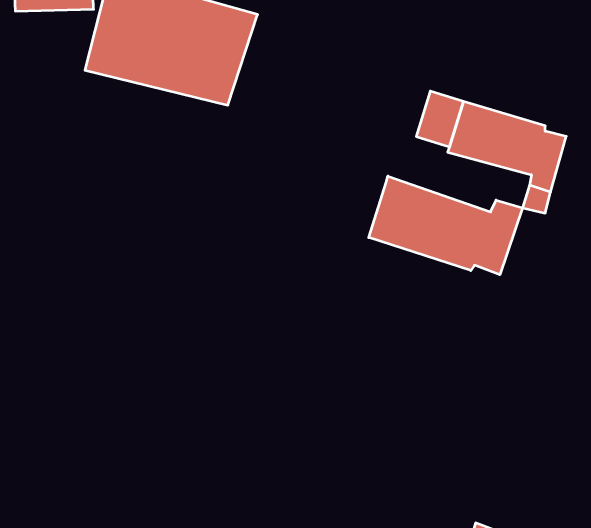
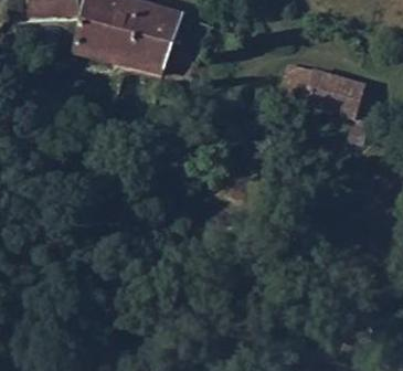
building: [369,176,523,275] -> none

